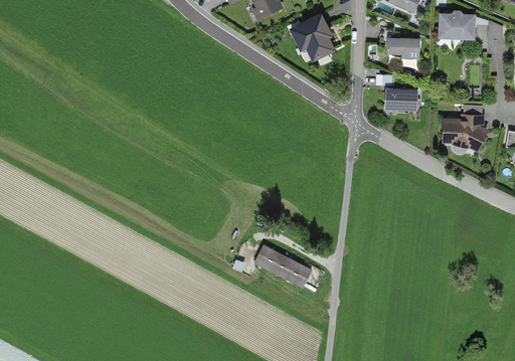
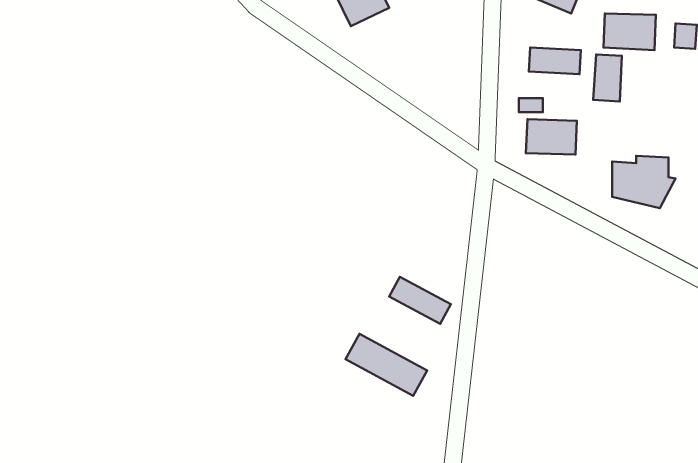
building: [289,14,339,66] -> none
building: none -> [593,55,622,101]
building: none -> [389,277,451,324]

